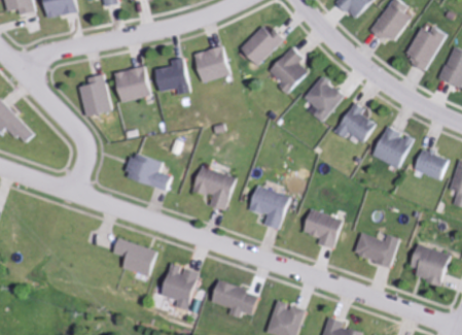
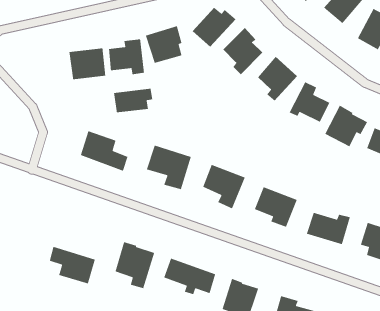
building: [77,74,113,116] -> none
building: none -> [113,88,153,113]
building: [112,237,159,276] -> [49,246,96,285]

